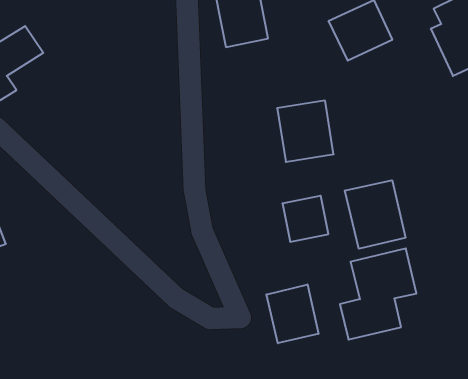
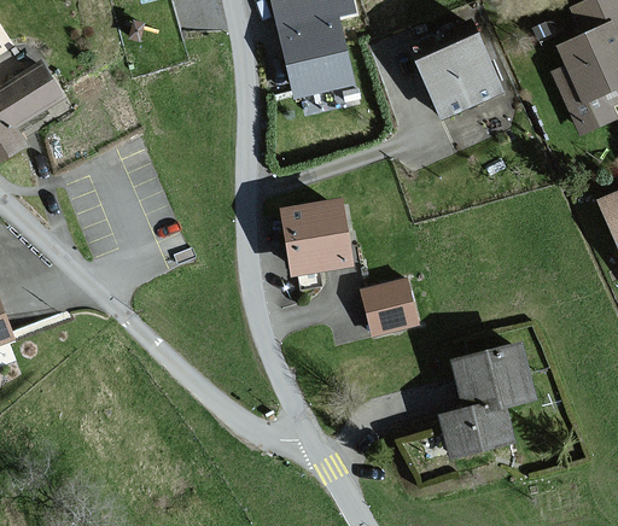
building: [277,101,334,162] -> [278,199,349,276]
building: [345,180,405,249] -> none
building: [266,284,318,343] -> none

